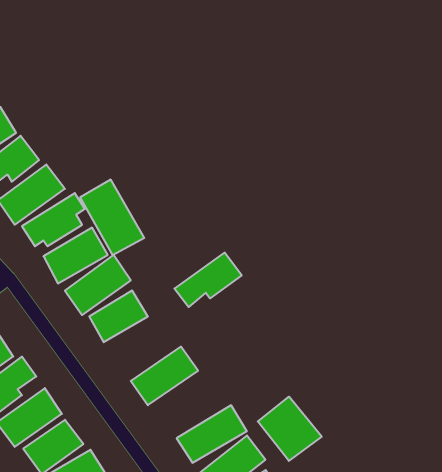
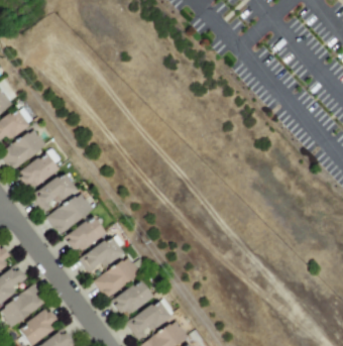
building: [80,179,144,255] -> none
building: [174,253,242,307] -> [80,234,127,272]
building: none -> [111,280,153,314]
building: [258,397,322,461] -> none

